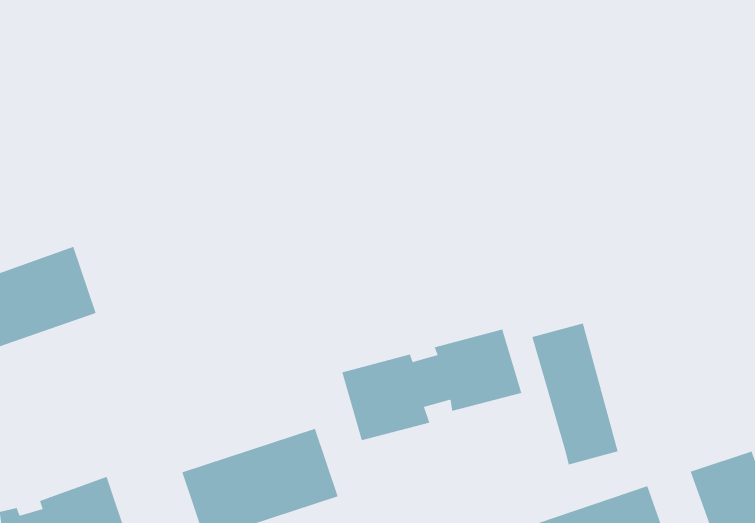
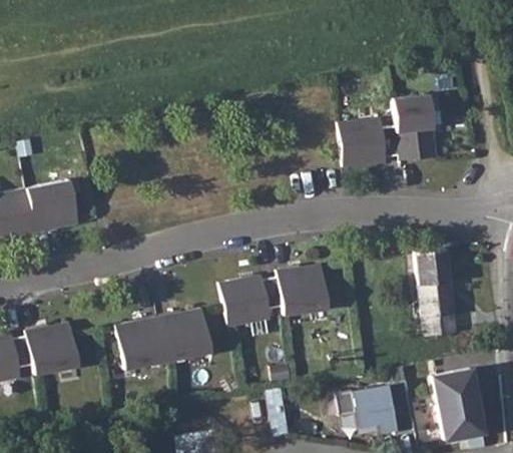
building: none -> [336,97,434,170]
building: [532,323,618,465] -> [412,250,455,336]

